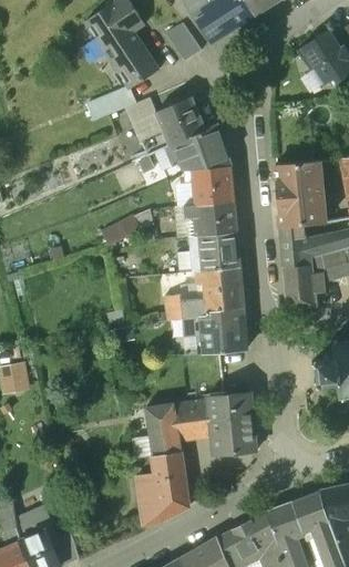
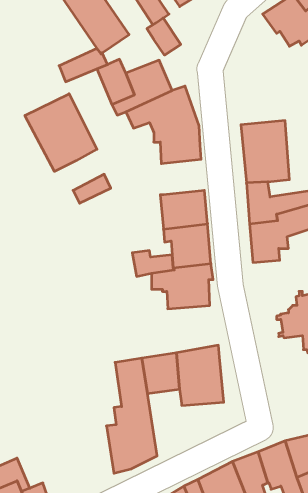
building: none -> [147,18,181,55]
building: none -> [25,94,97,171]
building: [183,200,237,237] -> none

